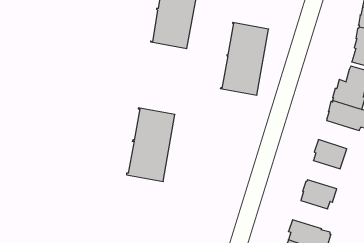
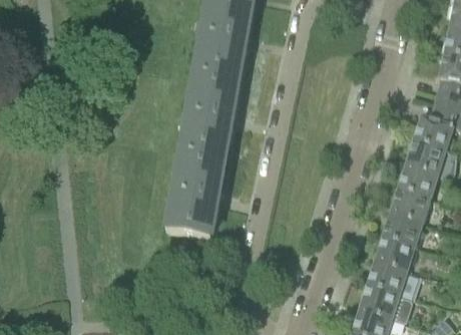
building: [220,22,269,95] -> [180,69,239,156]
building: none -> [397,163,439,198]
building: none -> [383,212,423,246]
building: none -> [366,260,420,296]

